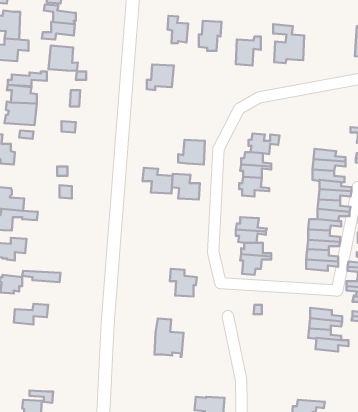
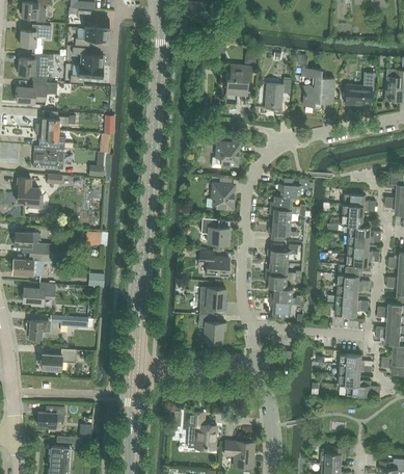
building: [168,16,188,43] -> none
building: none -> [345,72,375,105]
building: [49,46,78,71] -> none
building: [147,64,174,90] -> [212,141,239,167]
building: [143,168,173,193] -> [198,248,228,274]
building: none -> [267,242,298,262]
building: none -> [199,286,227,314]
building: [155,318,184,357] -> [187,411,216,449]
building: none -> [37,405,64,428]

